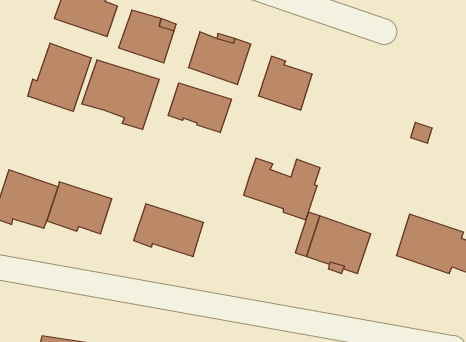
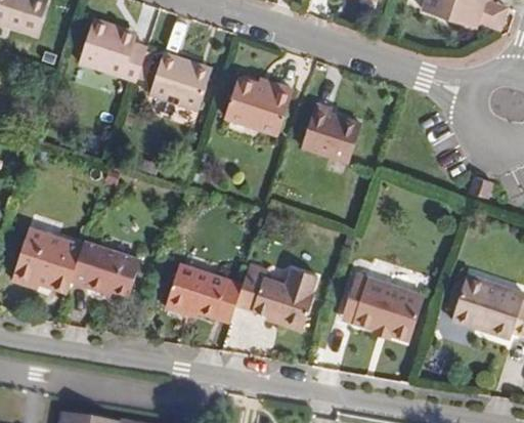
building: [28,43,91,111] -> none
building: [82,60,159,130] -> none
building: [168,83,231,133] -> none
building: [244,158,320,220] -> [232,264,315,331]

